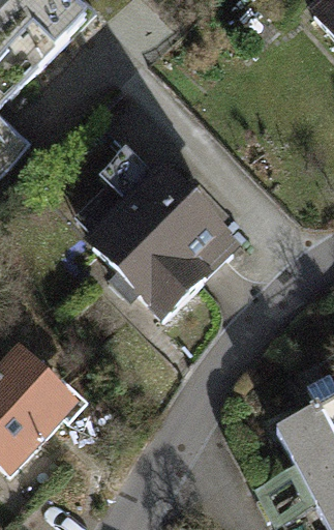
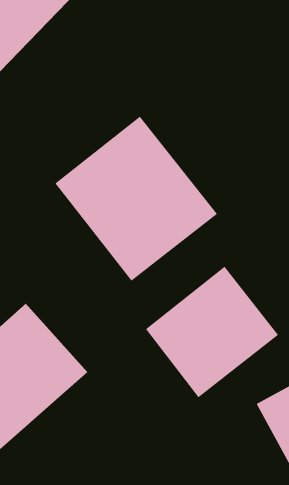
building: none -> [145,266,279,398]

